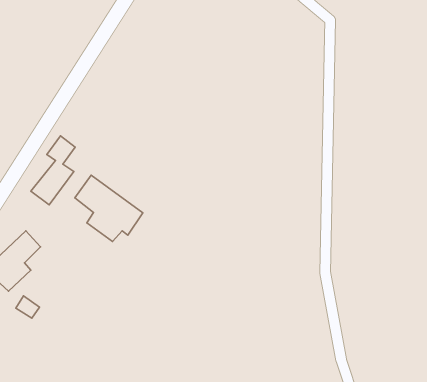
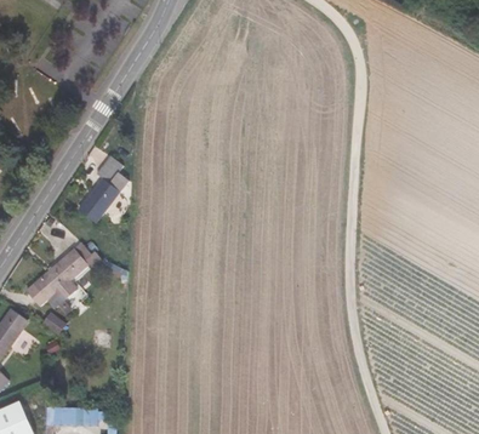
building: [75,175,143,242] -> none

